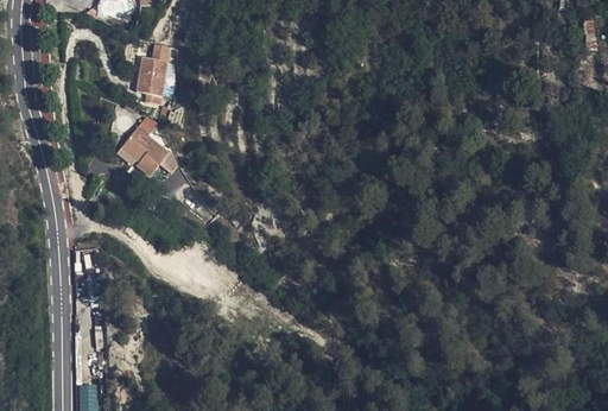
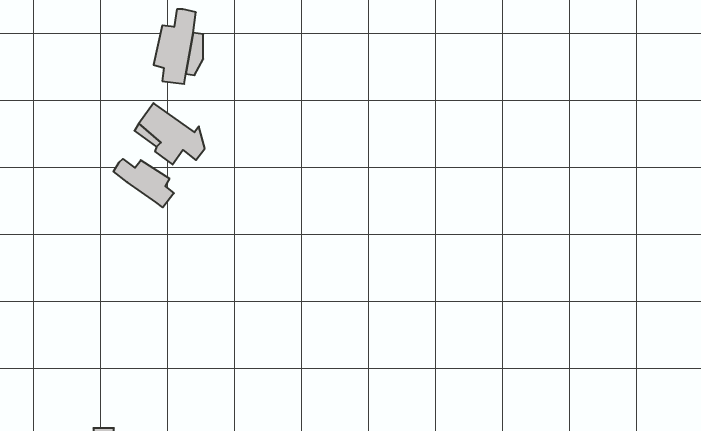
building: none -> [113,159,174,207]

